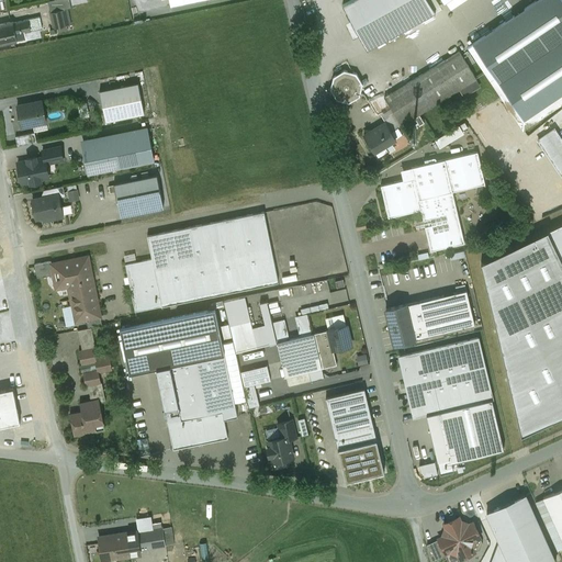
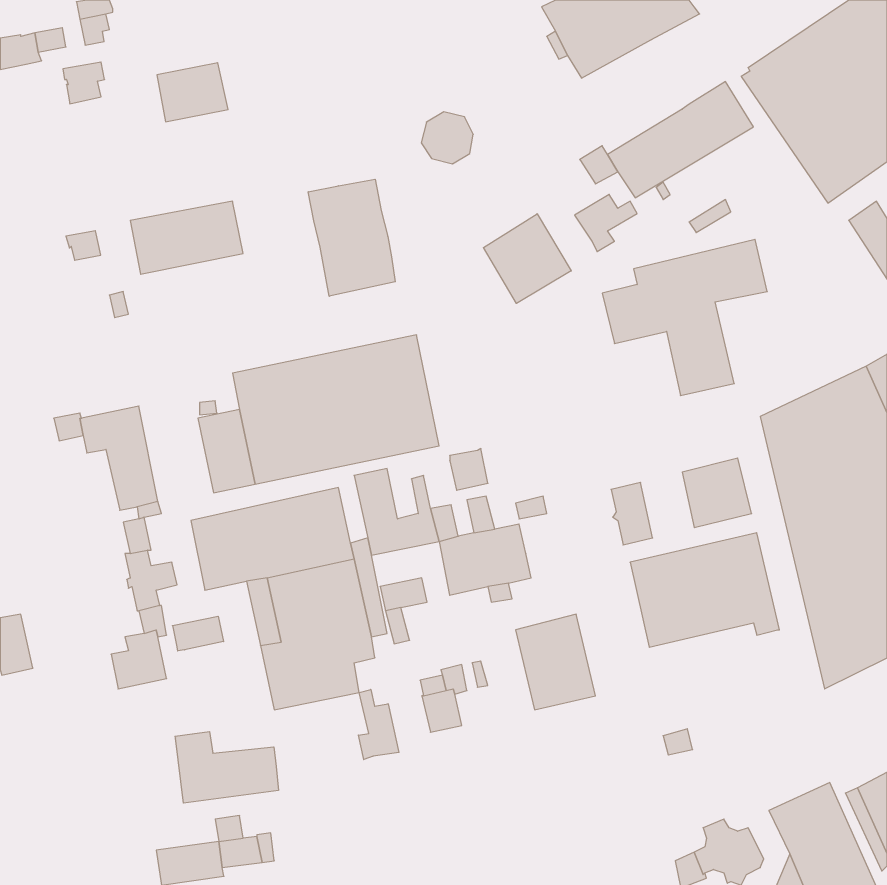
building: [329,71,362,104] -> [421,112,473,164]
building: [100,85,145,122] -> [157,63,228,122]
building: [18,102,44,128] -> [63,62,105,104]
building: none -> [308,179,395,296]
building: none -> [483,214,571,303]
building: [18,157,49,184] -> none
building: [114,177,164,217] -> none
building: [33,196,63,220] -> none
building: [405,300,439,341] -> none
building: [328,325,352,351] -> [450,449,488,490]
building: none -> [172,616,224,651]
building: [411,395,504,470] -> none
building: none -> [358,689,399,760]
building: [338,441,384,482] -> none
building: none -> [175,732,278,803]

